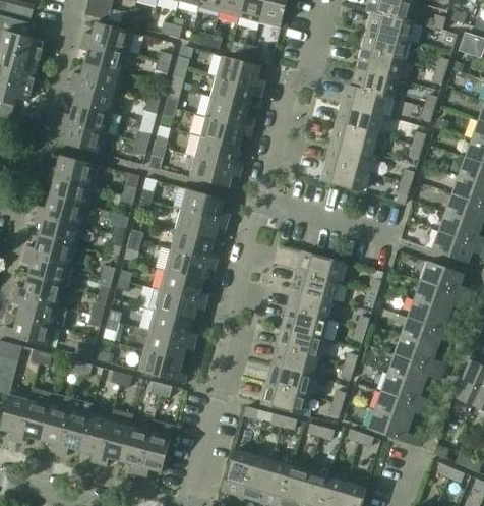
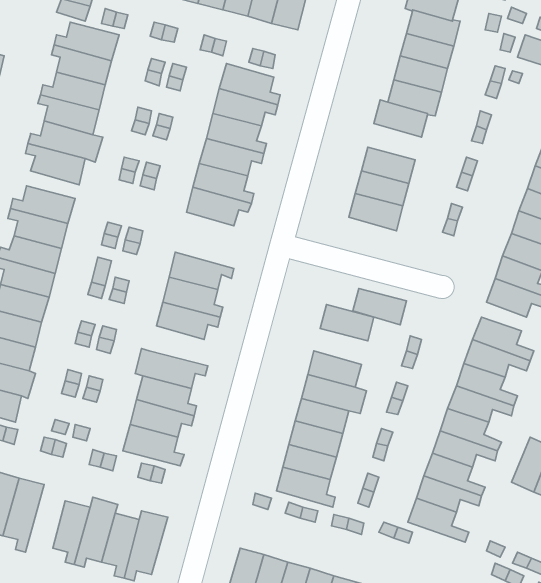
building: [337,104,380,133] -> none
building: [173,186,230,222] -> none
building: [159,269,208,301] -> none
building: [293,271,337,300] -> [353,289,406,325]
building: [58,398,93,455] -> none

